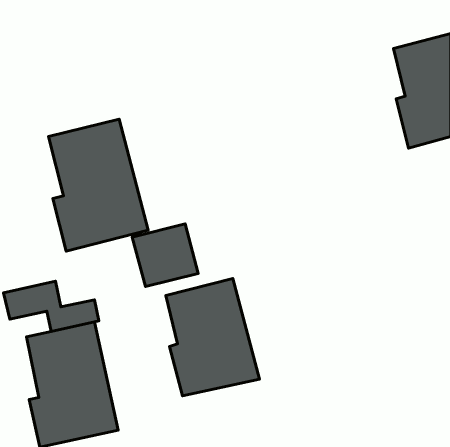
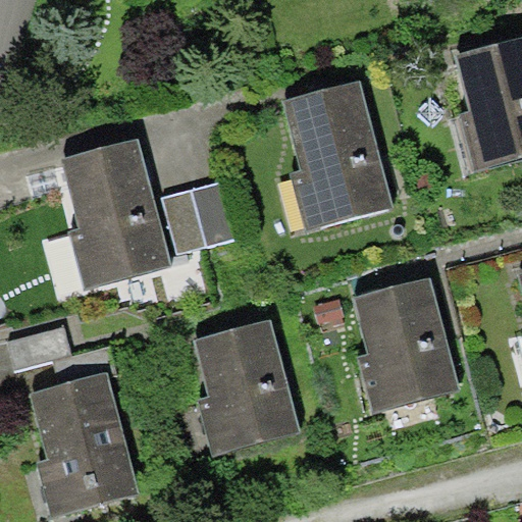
building: none -> [282,80,394,230]
building: [132,224,198,287] -> [162,179,239,252]
building: none -> [355,280,459,412]

